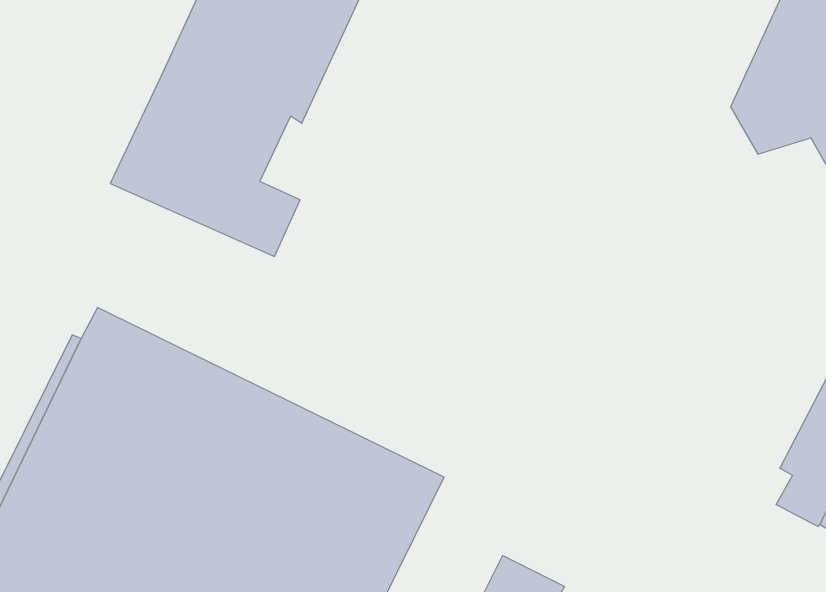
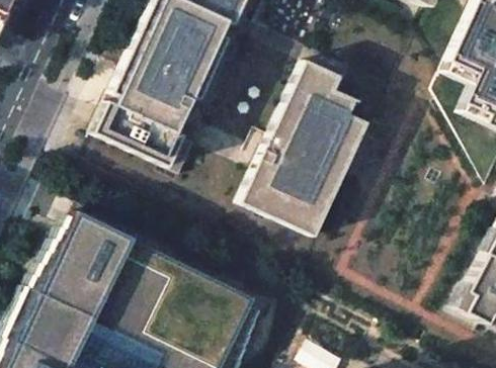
building: none -> [240,61,366,238]

